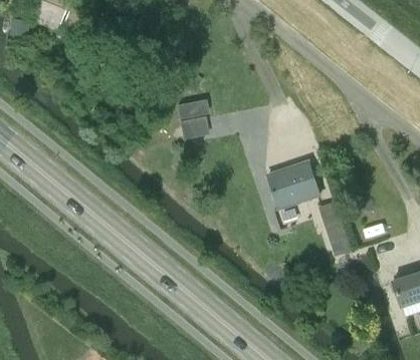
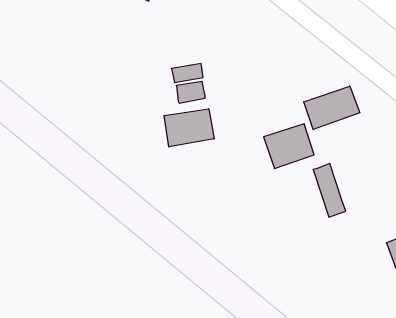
building: none -> [304,86,360,130]
building: none -> [164,109,214,147]

